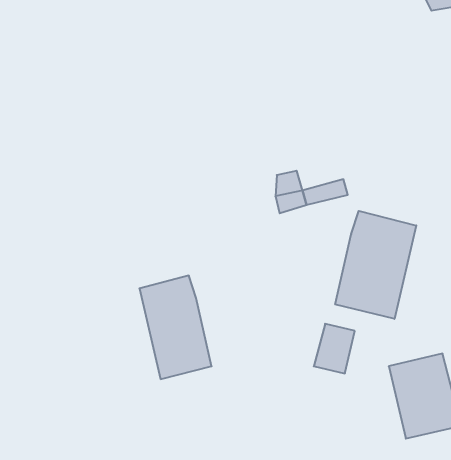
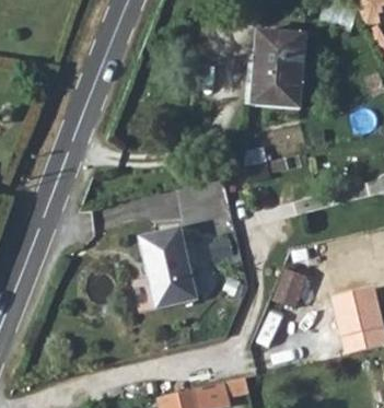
building: none -> [251,30,305,107]
building: [335,211,416,319] -> none

